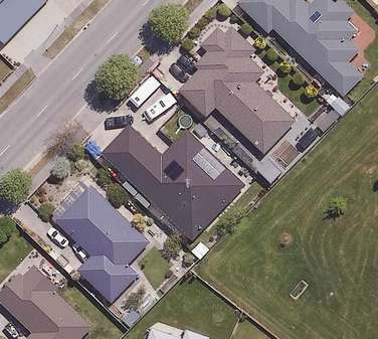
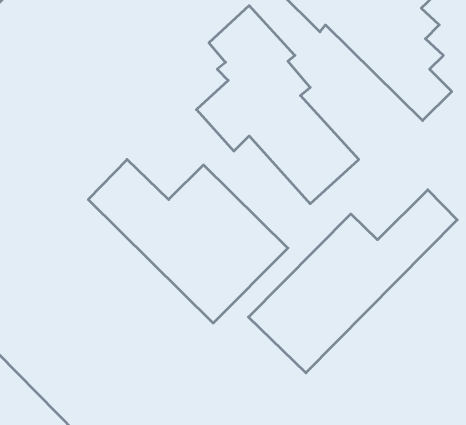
building: none -> [248,190,457,373]
building: [55,186,147,304] -> none

